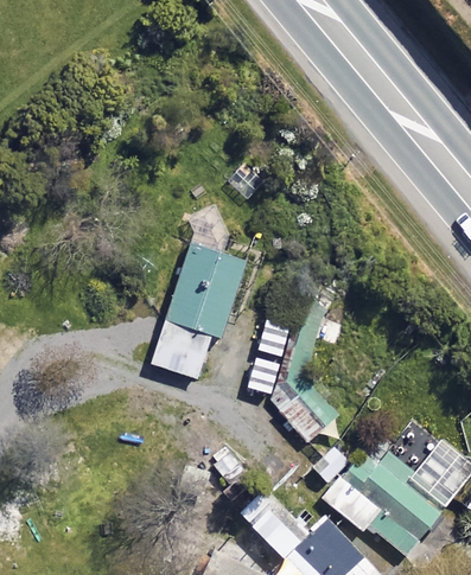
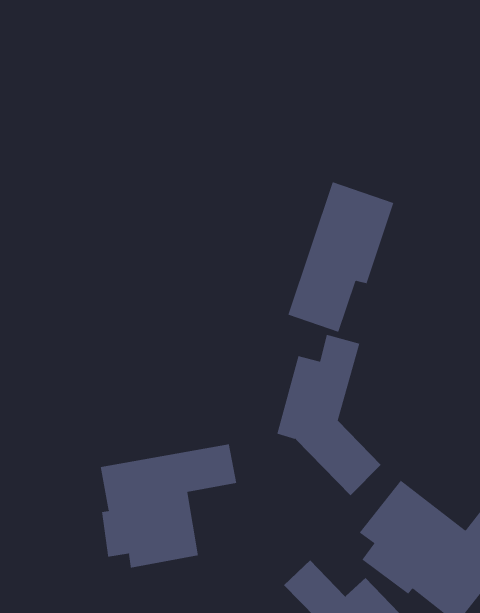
building: [151,248,244,381] -> [288,181,394,333]
building: none -> [100,443,237,568]

